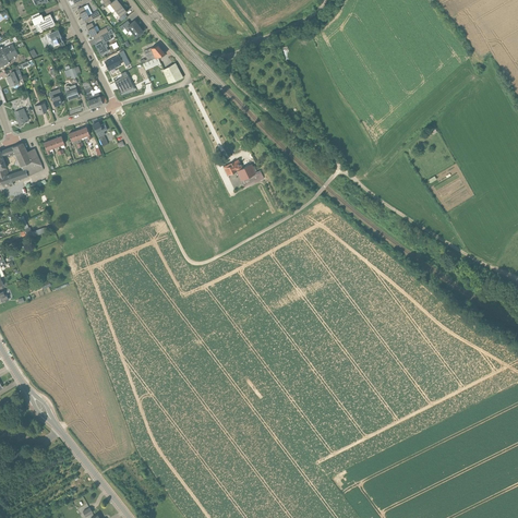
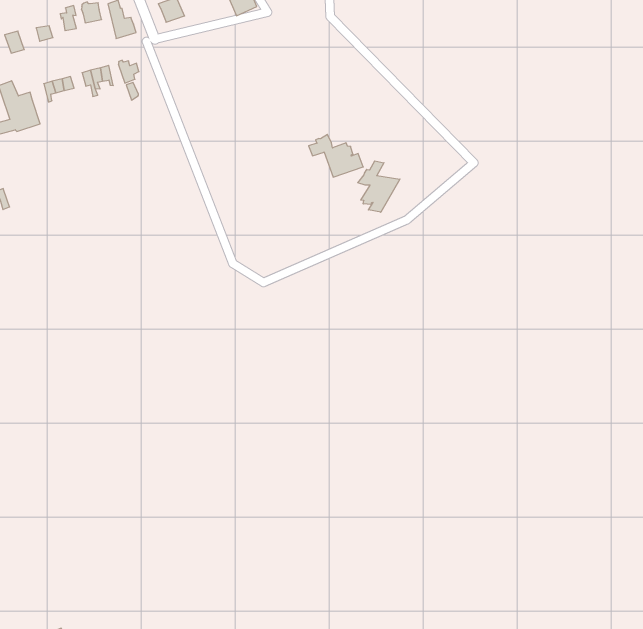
building: none -> [358,161,400,212]

